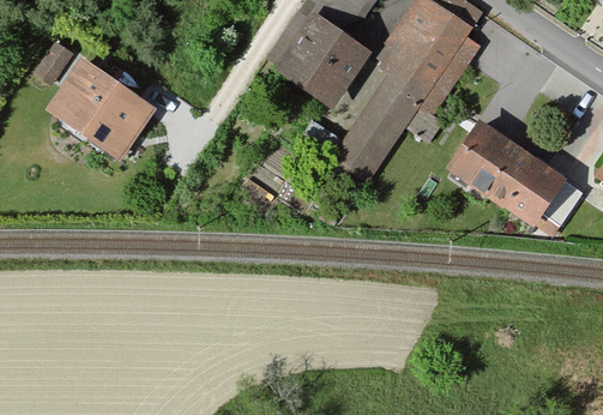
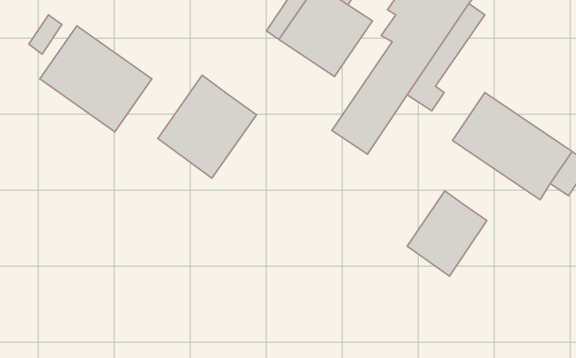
building: none -> [158,75,256,178]
building: none -> [407,191,487,276]

